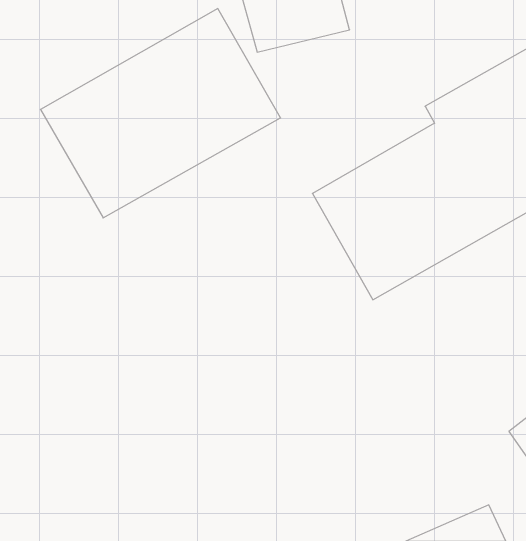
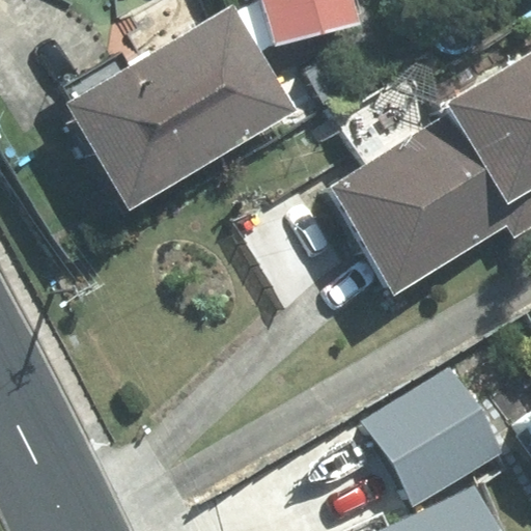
building: none -> [379,370,516,503]

